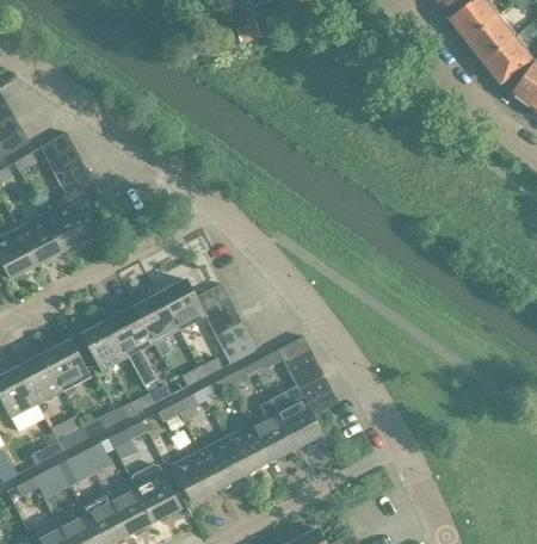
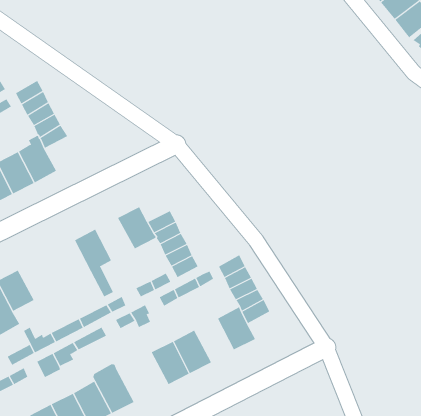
building: [134,292,179,342] -> none
building: [81,319,128,370] -> none
building: [43,340,88,389] -> none
building: [249,402,295,462] -> none
building: [172,450,218,501] -> none

